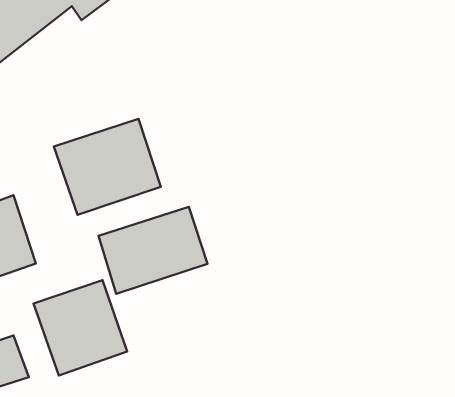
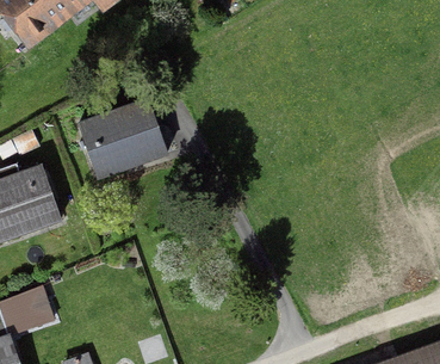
building: [99,207,208,294] -> none
building: [34,280,127,376] -> none

